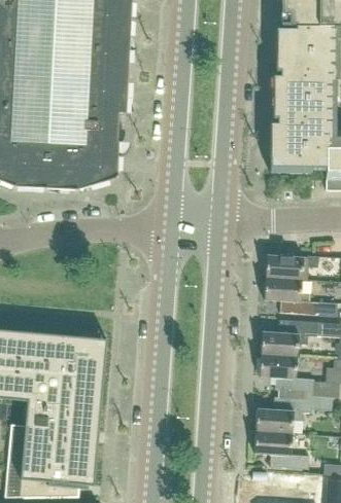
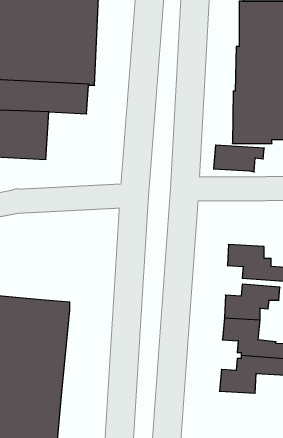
building: [76,140,118,189] -> none
building: [266,253,318,281] -> [214,145,264,172]
building: [255,430,310,469] -> none

